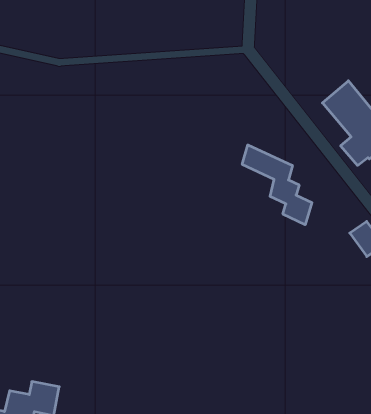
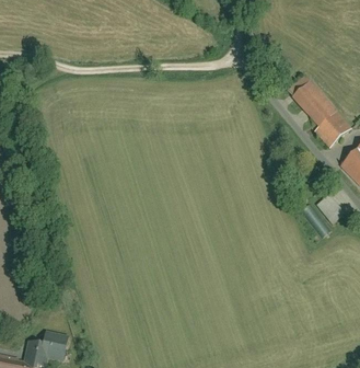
building: [242,145,312,225] -> none

